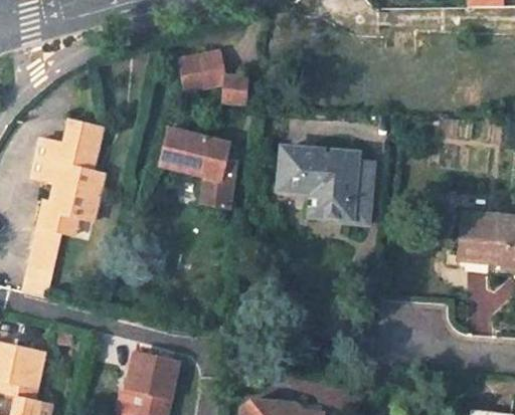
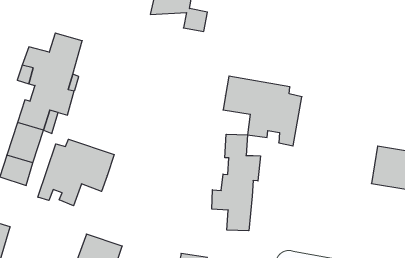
building: [162,131,230,207] -> none
building: none -> [212,134,260,231]
building: none -> [38,139,114,206]

